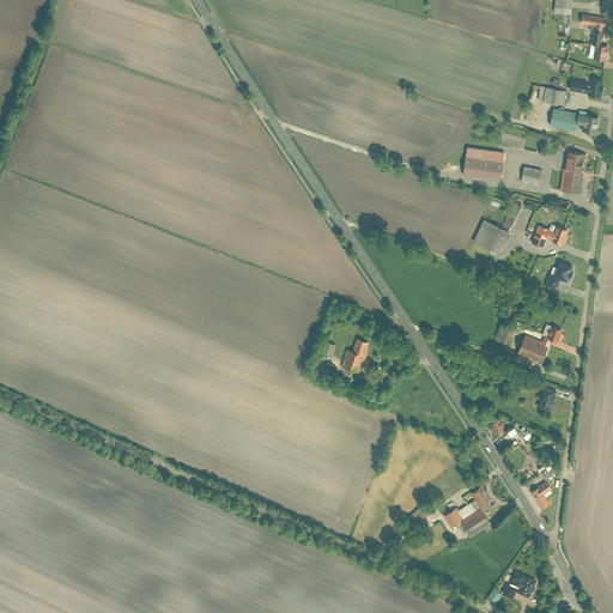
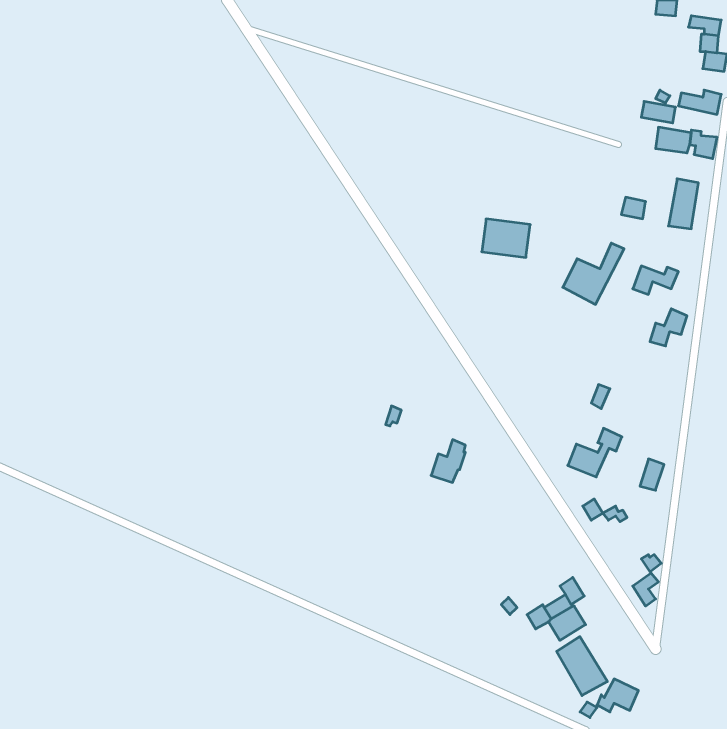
building: [463,147,504,180] -> [482,219,530,257]
building: [517,322,563,363] -> [568,428,622,477]
building: [340,336,369,372] -> [431,440,465,482]
building: none -> [557,637,607,696]

